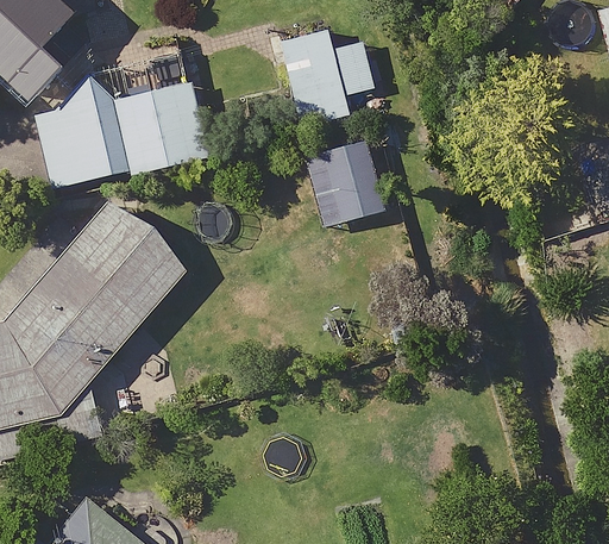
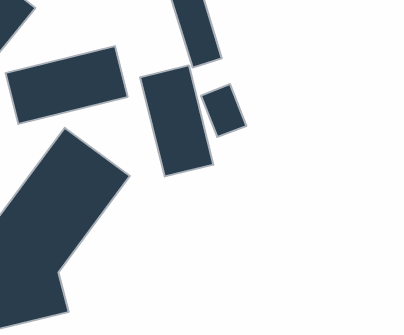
building: none -> [140,65,213,177]

